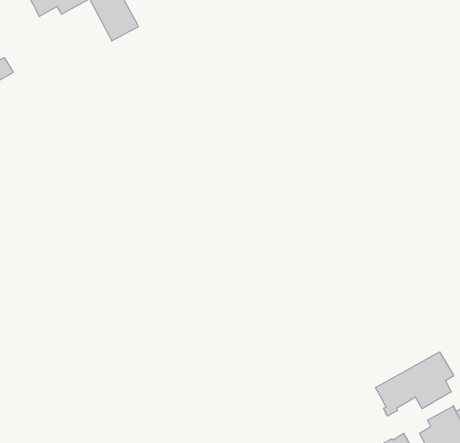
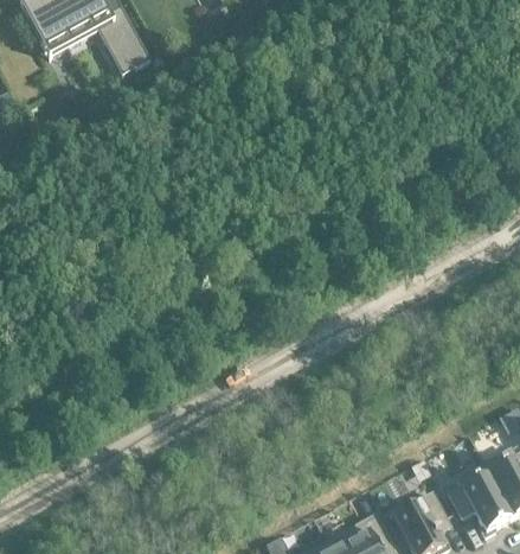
building: [375,352,454,416] -> none

